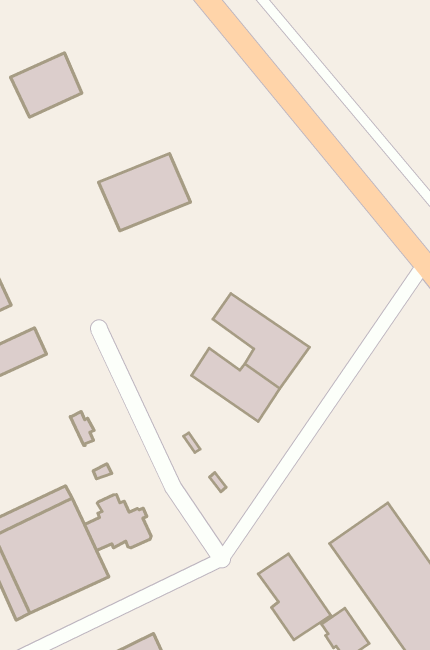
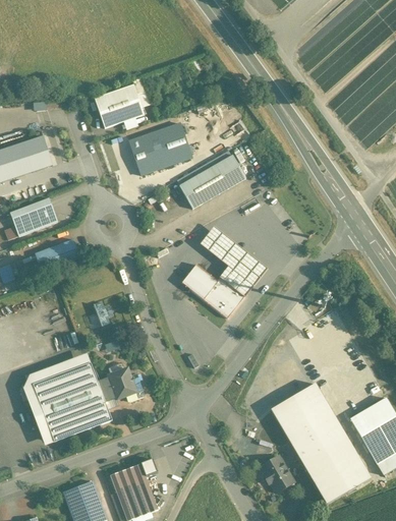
building: [11,53,82,117] -> [94,84,144,128]
building: none -> [179,155,245,209]
building: [258,554,331,640] -> none

